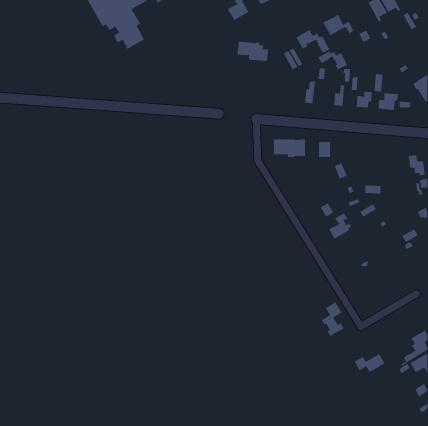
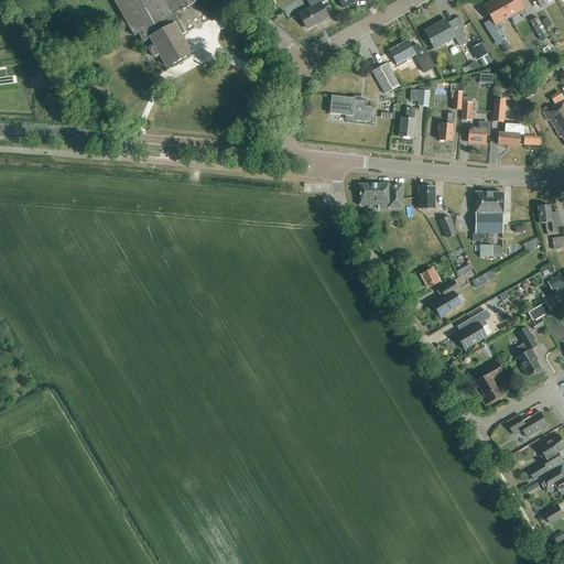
building: [237,41,269,61] -> [329,95,372,121]
building: [318,50,348,70] -> none
building: none -> [475,191,503,232]
building: none -> [456,308,491,351]
building: none -> [516,326,541,375]
building: [321,302,344,337] -> [474,357,505,403]
building: [354,354,385,373] -> [508,411,549,436]

